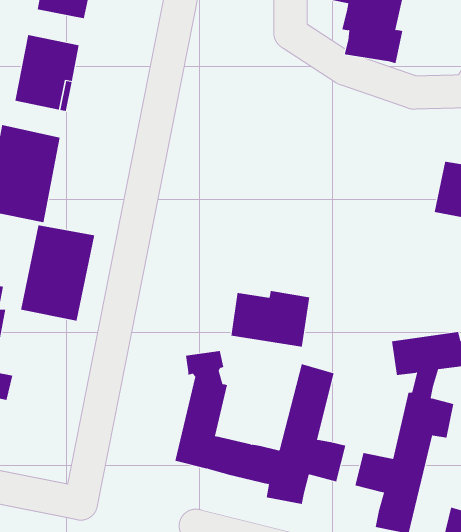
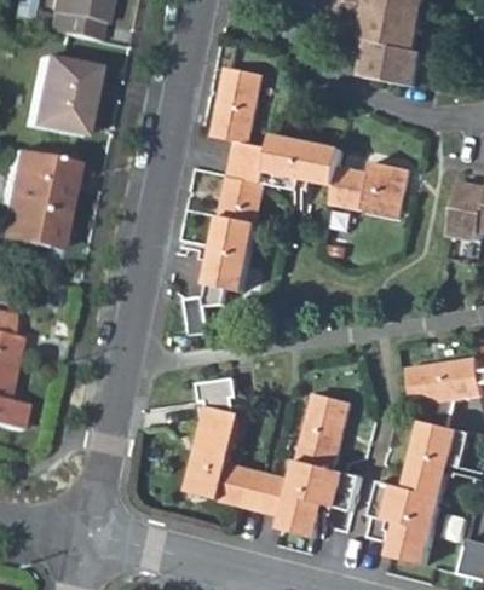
building: none -> [186,65,410,334]
building: [21,225,95,321] -> none
building: [231,290,310,348] -> none

